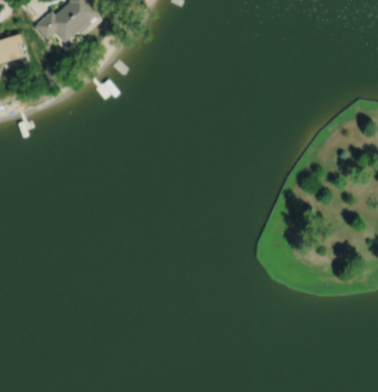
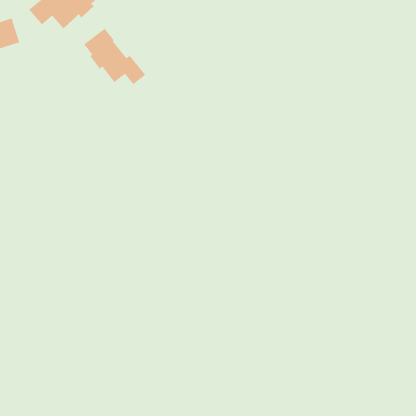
building: none -> [83,28,146,85]

